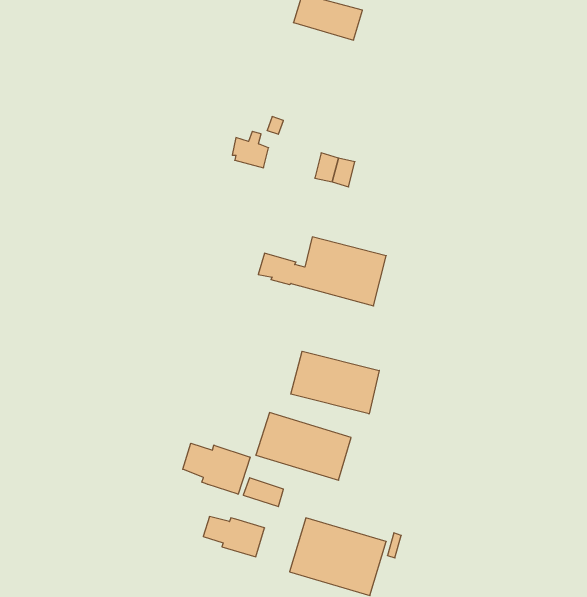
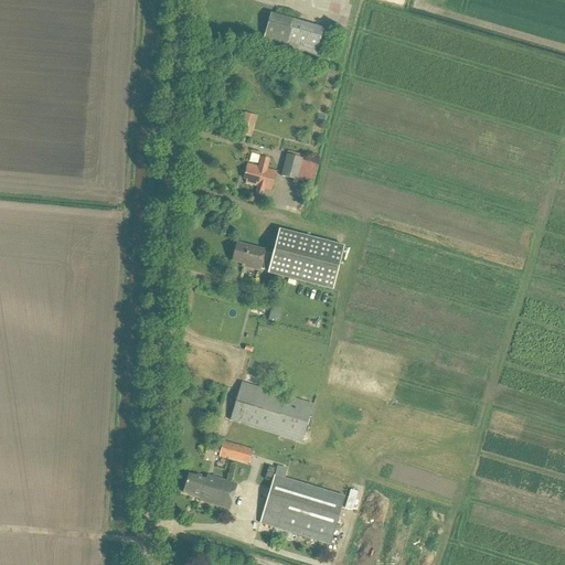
building: [232,131,269,168] -> [244,156,276,188]
building: [291,351,379,414] -> none
building: [183,443,250,494] -> none

